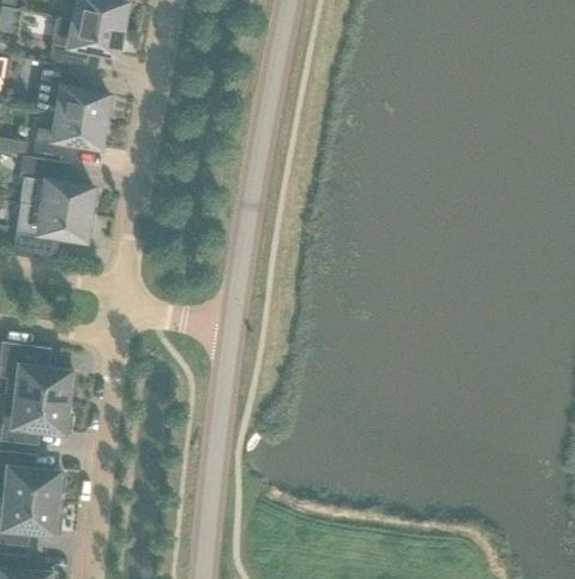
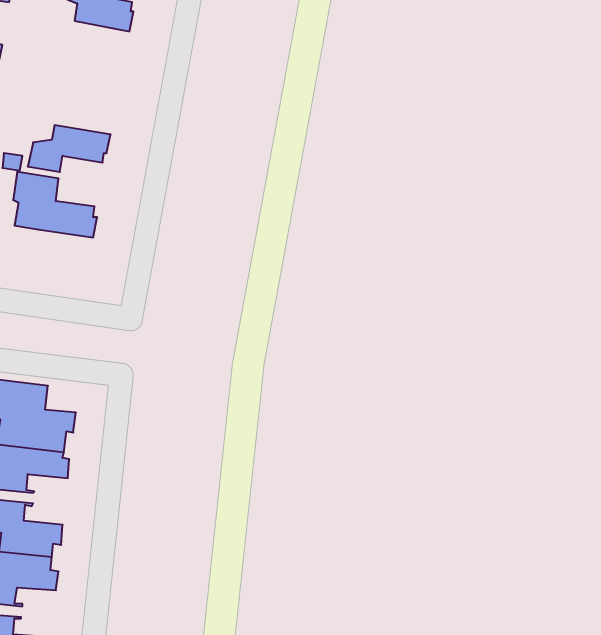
building: [50,20,125,62] -> none
building: [40,70,112,123] -> none
building: [14,204,92,261] -> none

